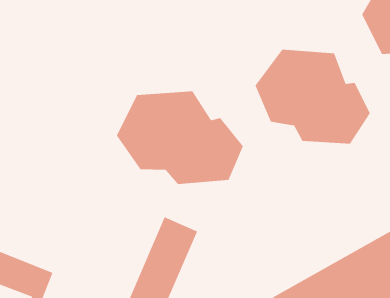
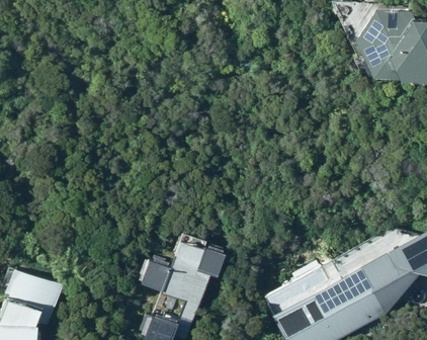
building: [254,49,371,144] -> none
building: [116,91,244,185] -> none

